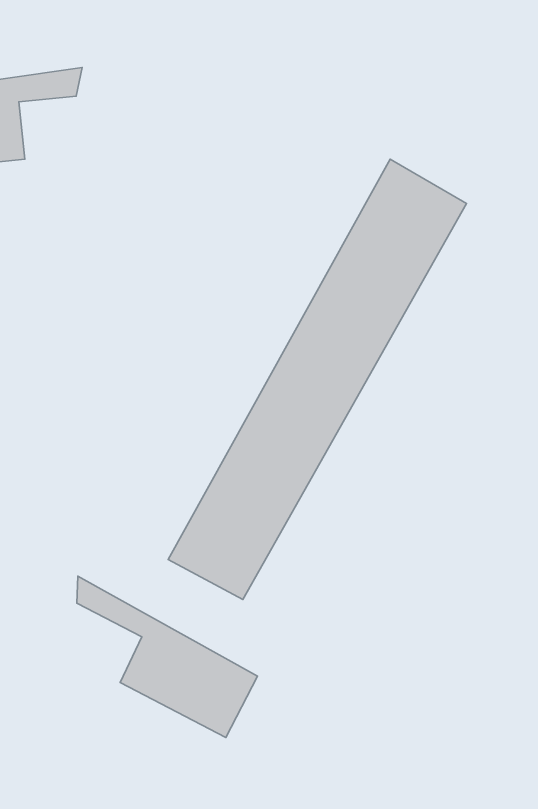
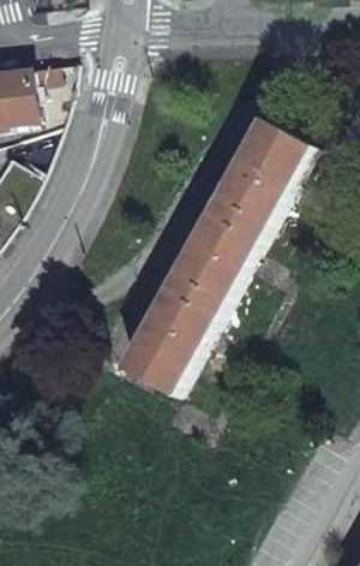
building: [77,576,258,737] -> none

